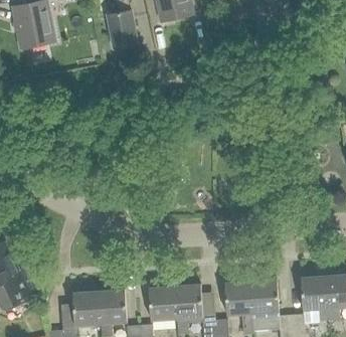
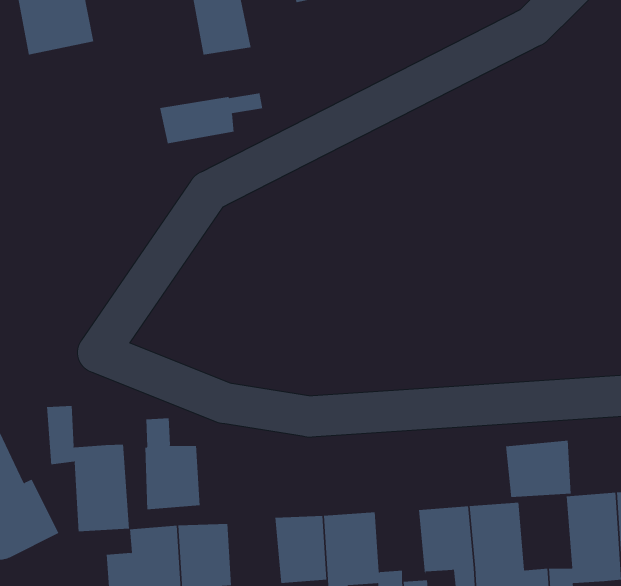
building: none -> [160,92,263,144]
building: none -> [46,405,130,532]
building: none -> [145,418,200,510]
building: none -> [505,440,571,498]

